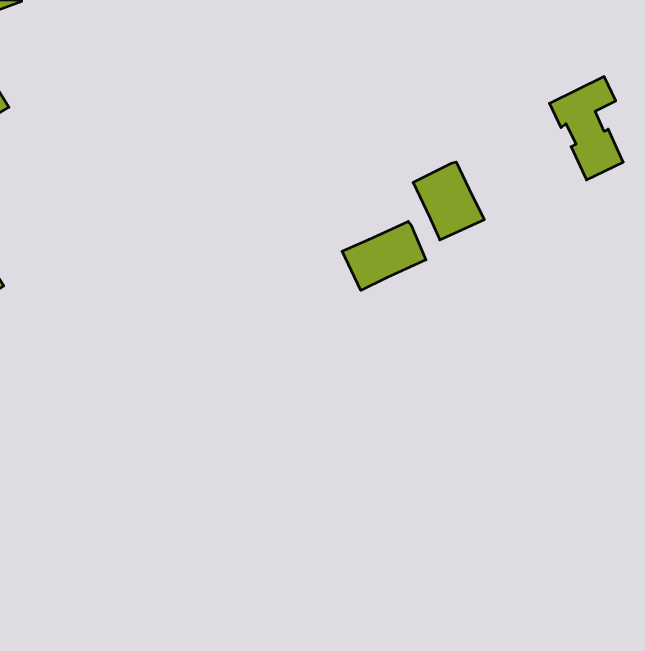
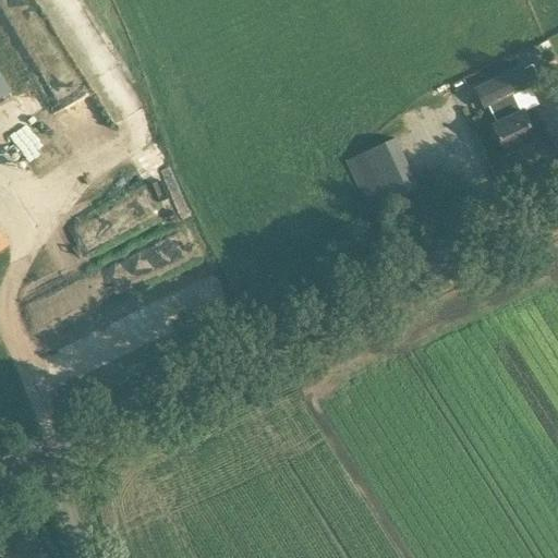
building: [342,221,426,290] -> none

